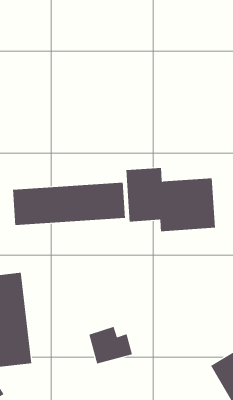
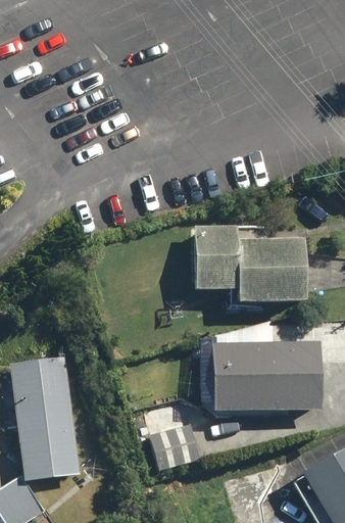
building: [12,182,125,226] -> none
building: none -> [210,343,322,412]

